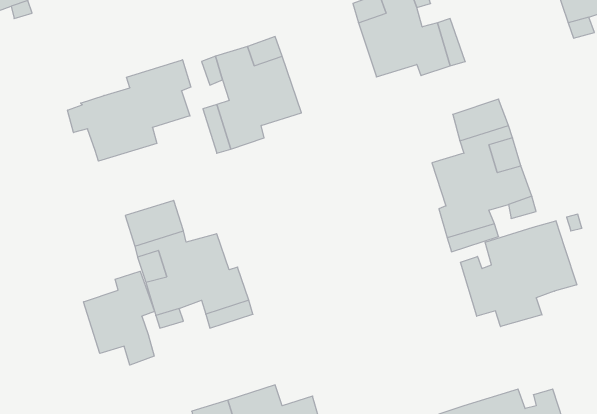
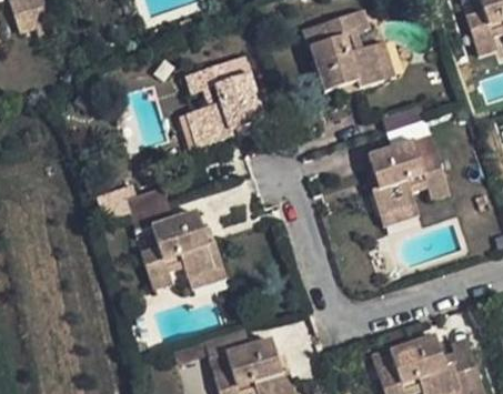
building: [68,60,191,161] -> none
building: [460,221,577,327] -> none
building: [84,271,154,365] -> none

